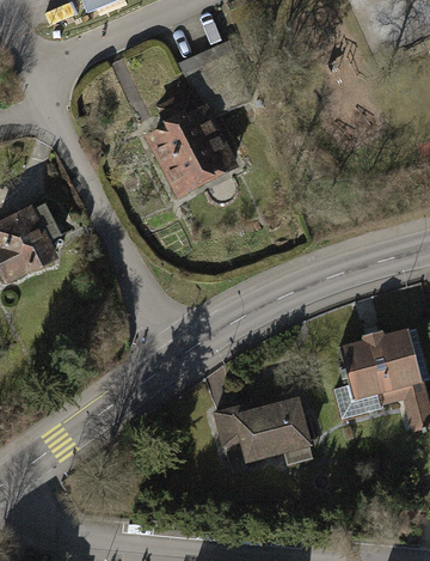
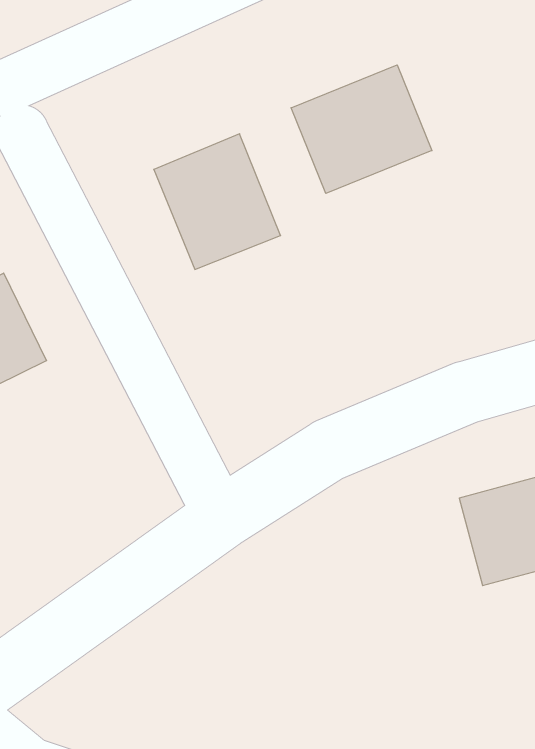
building: none -> [291,65,432,193]
building: [226,400,306,471] -> none

